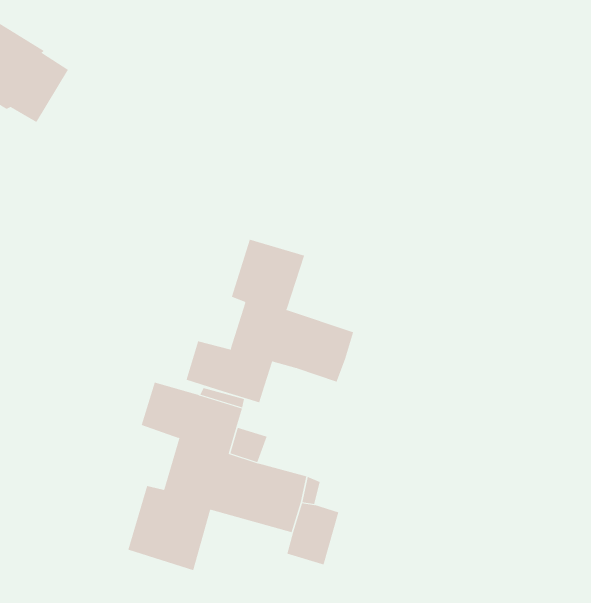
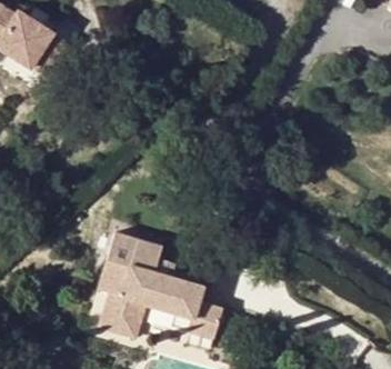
building: [186,239,354,403] -> none

